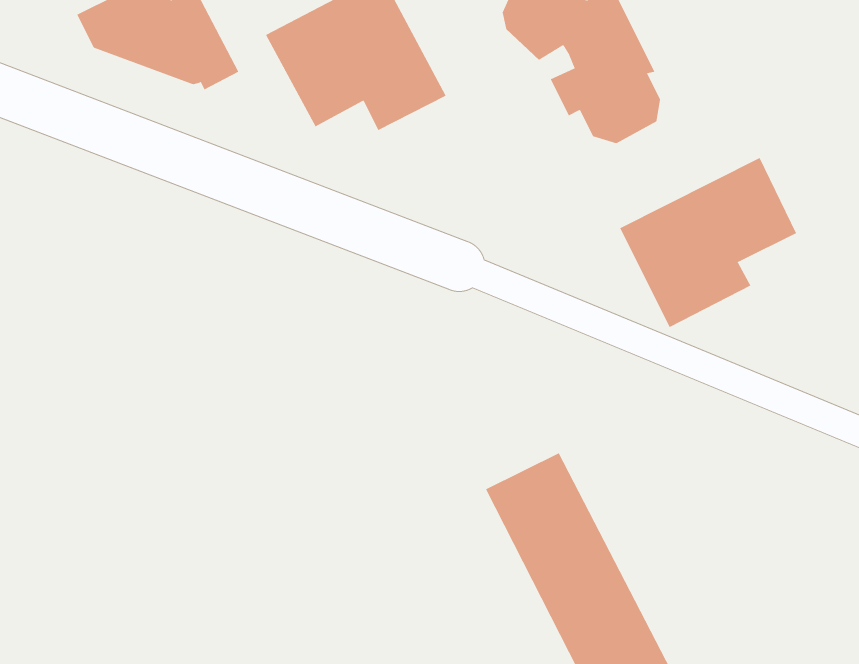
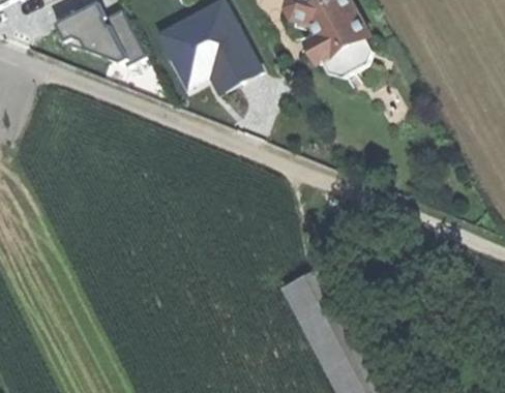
building: [619,157,797,328] -> none

